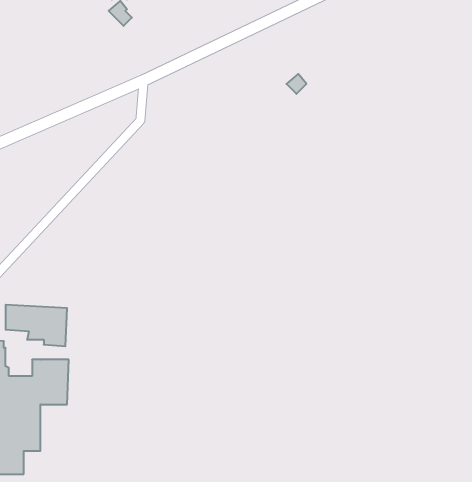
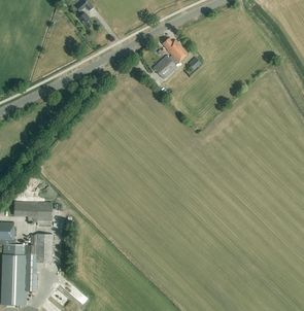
building: none -> [151,37,187,79]

